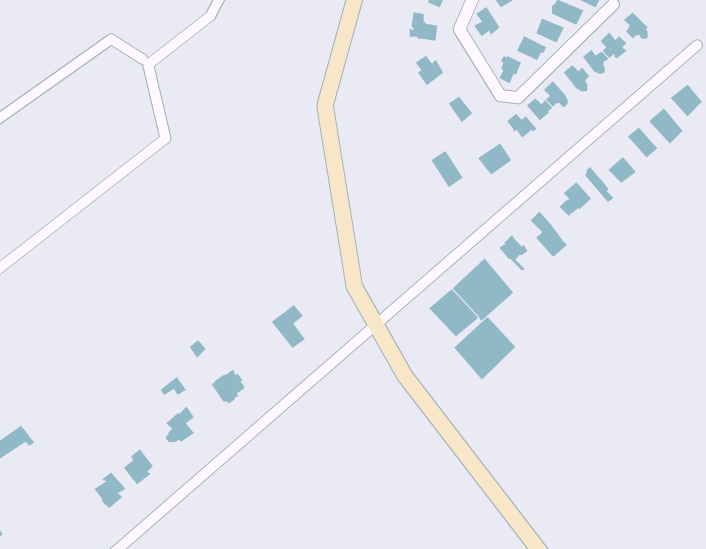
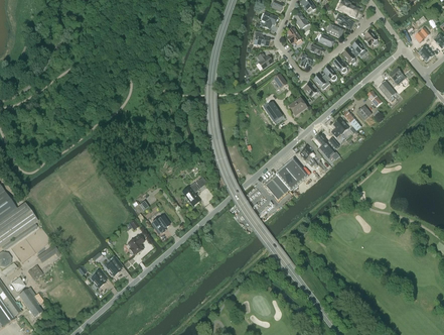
building: [453,316,516,380] -> none

